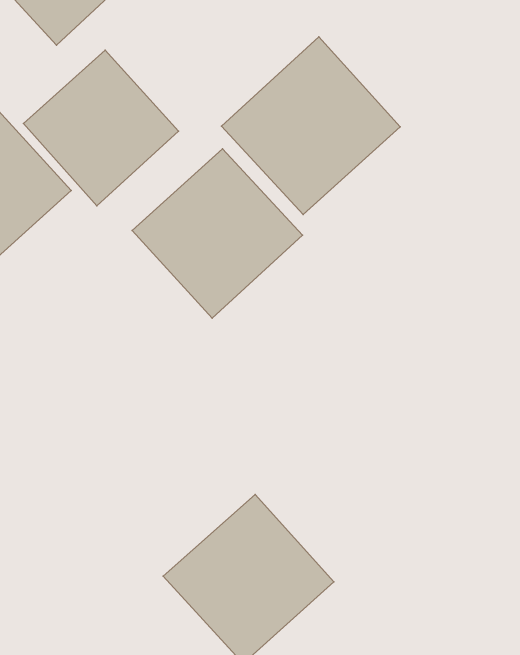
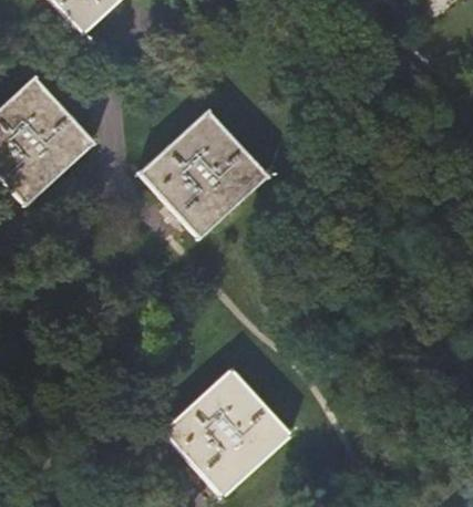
building: [221,37,400,215] -> none
building: [24,50,178,206] -> none

